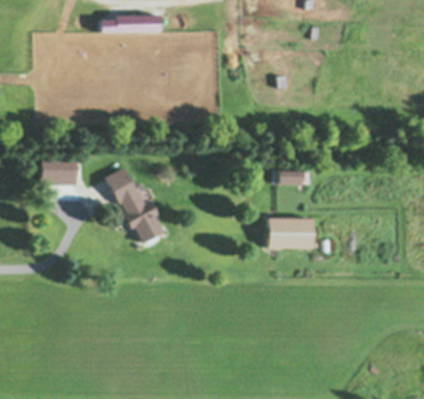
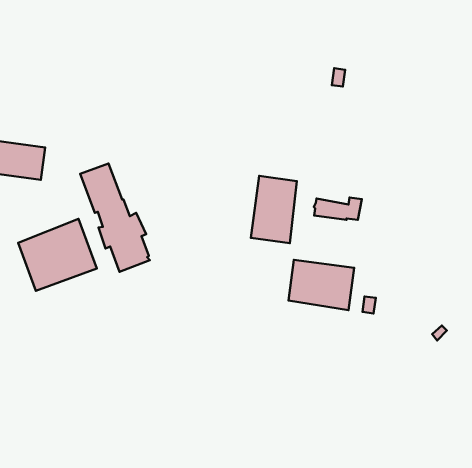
building: none -> [251,176,297,243]
building: none -> [18,219,97,291]

